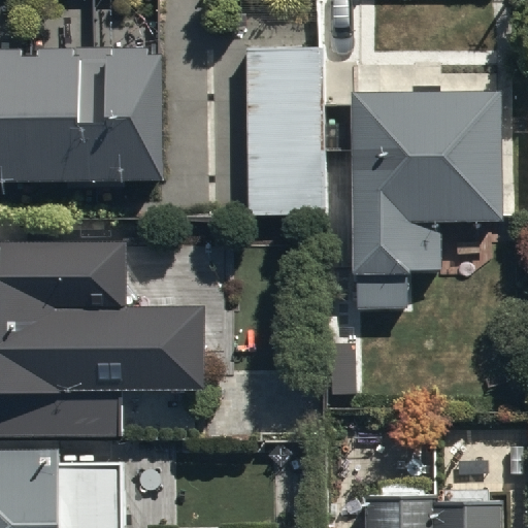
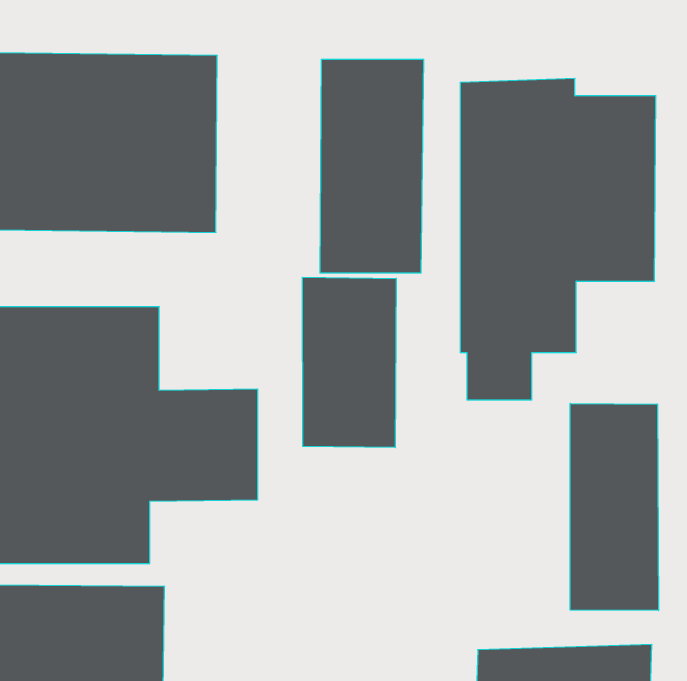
building: none -> [303,277,396,448]
building: none -> [570,403,659,611]

